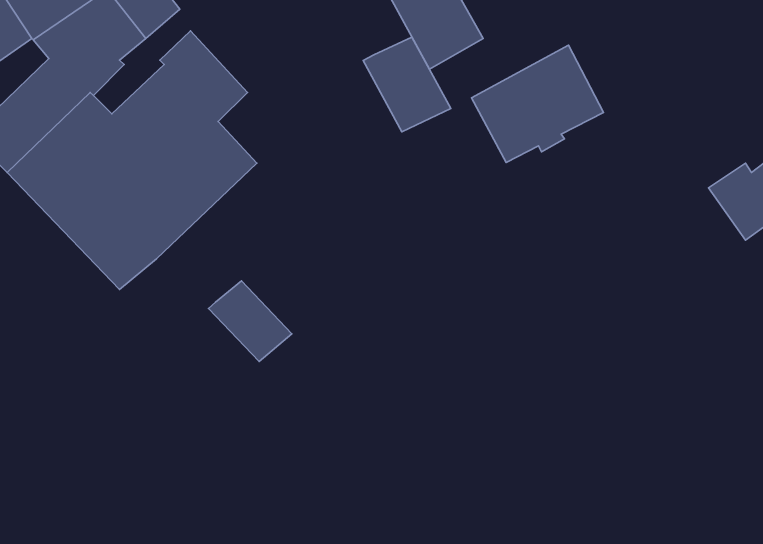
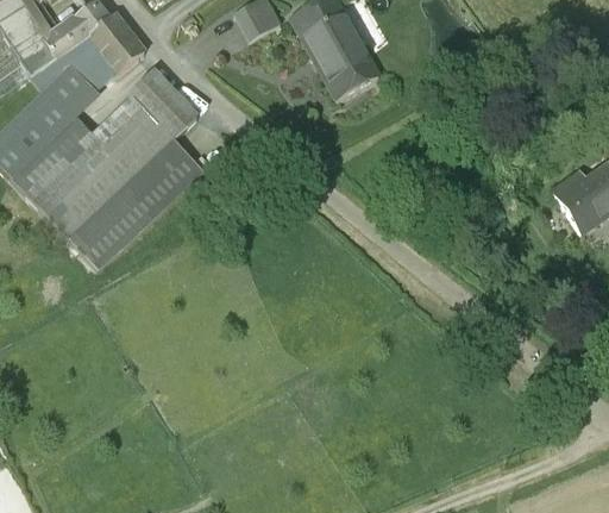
building: [363,37,451,132] -> none
building: [472,45,603,162] -> none
building: [209,281,292,361] -> none

